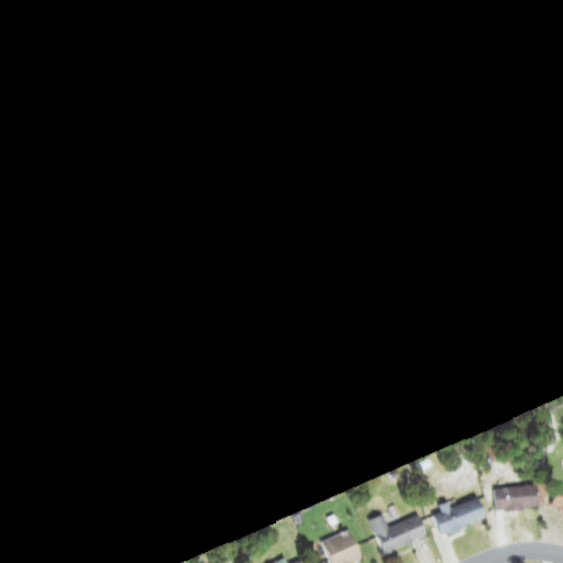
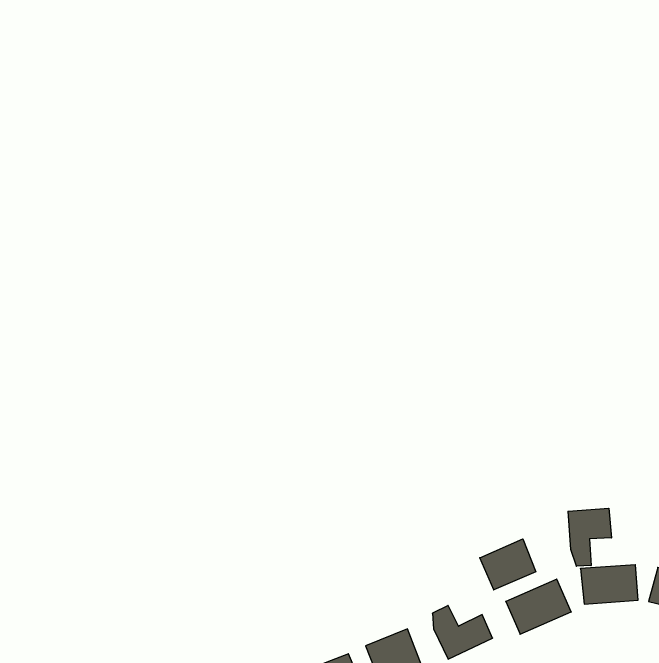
building: none -> [568,508,611,566]
building: none -> [480,539,536,590]

